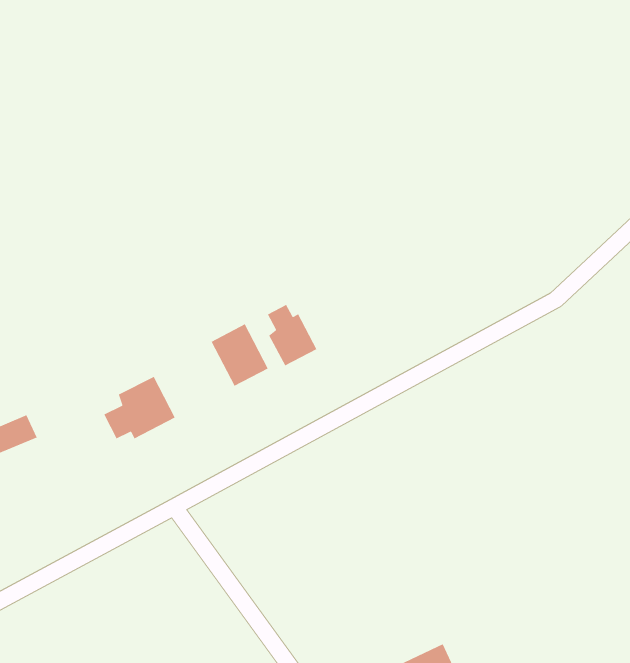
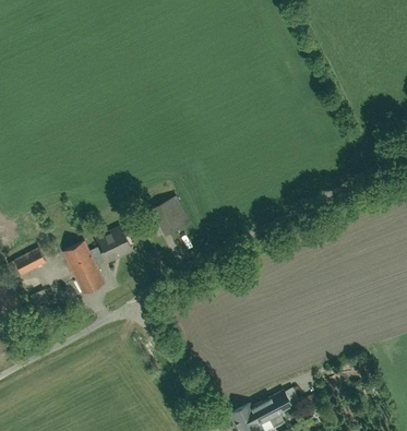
building: [267,304,318,367] -> none
building: none -> [63,242,105,294]

